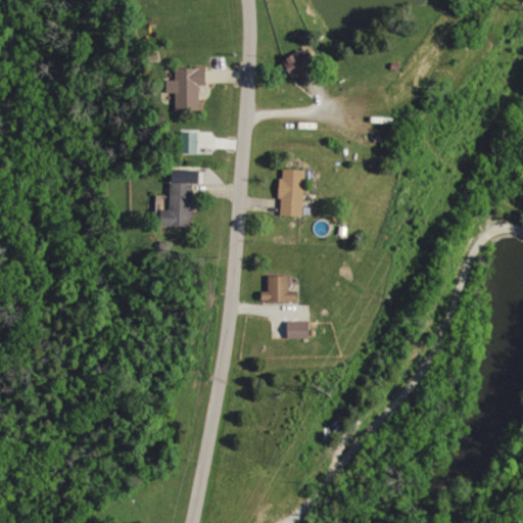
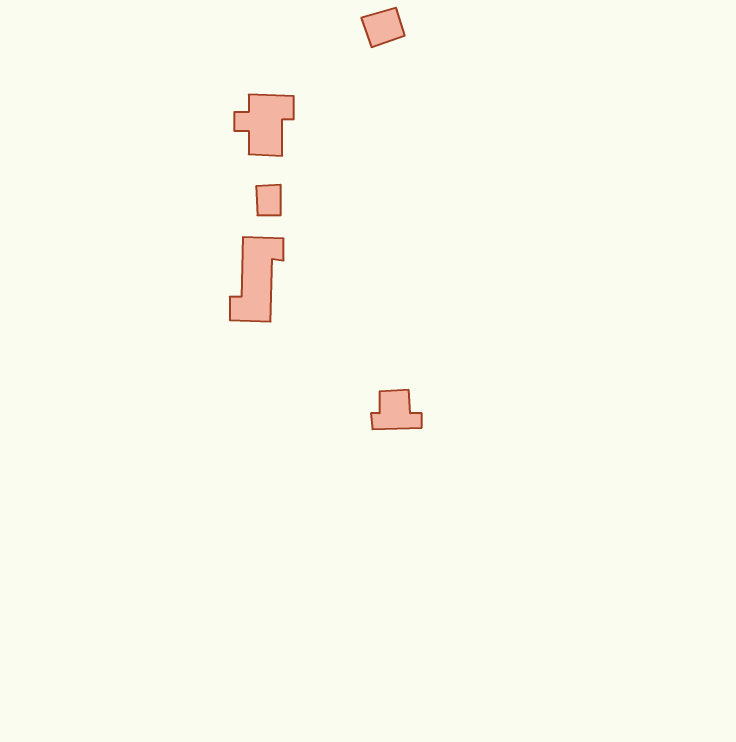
building: [282,50,313,78] -> [361,8,405,47]
building: [278,169,303,216] -> none
building: [285,321,310,338] -> none

